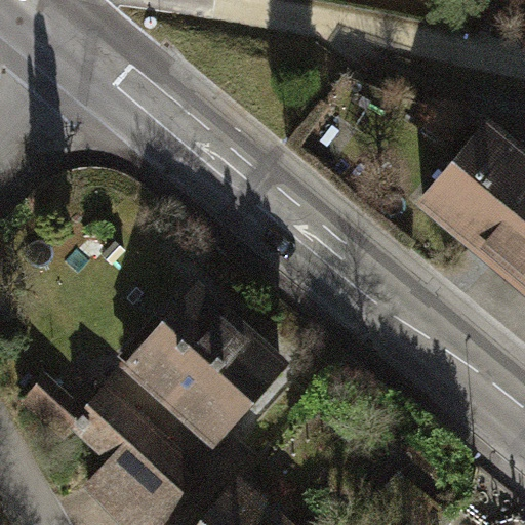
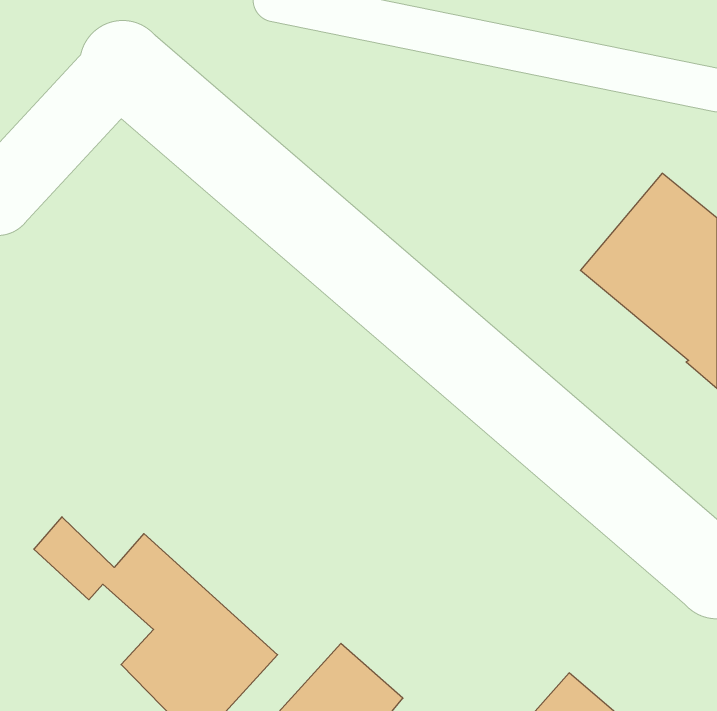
building: [126,297,280,449] -> none

